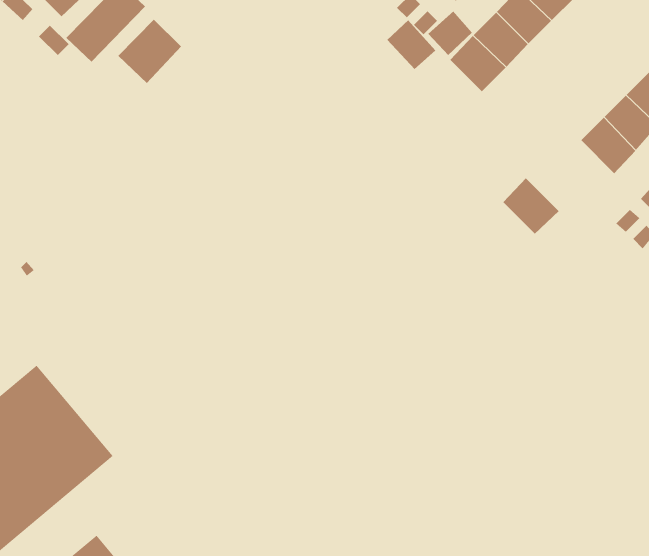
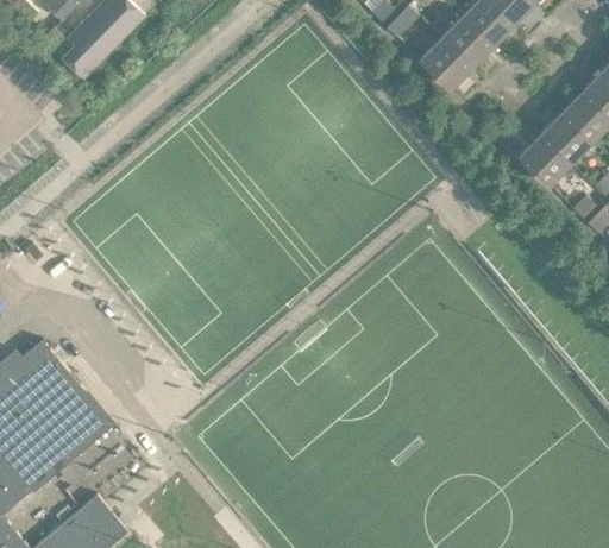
building: [118,19,182,84] -> none
building: [387,19,436,70] -> none
building: [502,177,559,235] -> [519,134,571,187]

